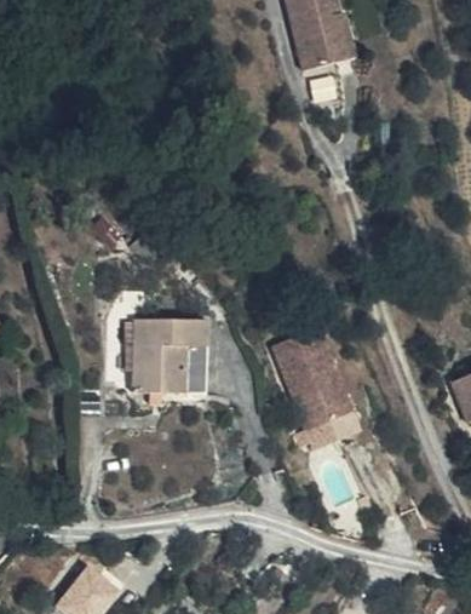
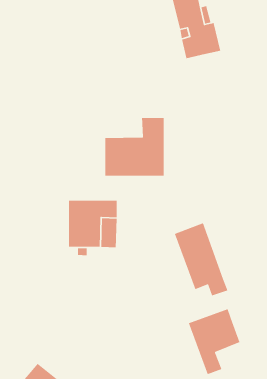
building: none -> [104,117,164,176]
building: none -> [188,308,241,375]

